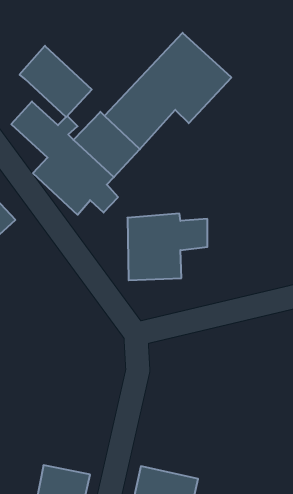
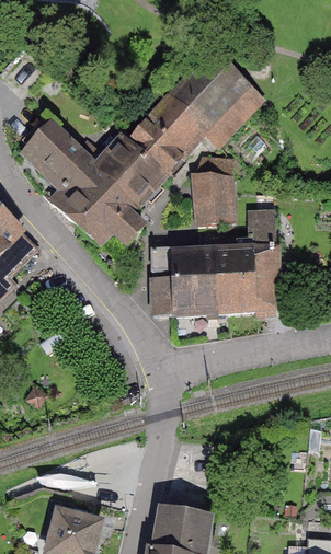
building: [20,46,92,117] -> none
building: none -> [193,155,230,221]
building: none -> [206,213,273,310]

